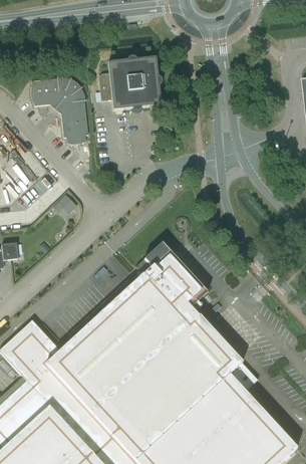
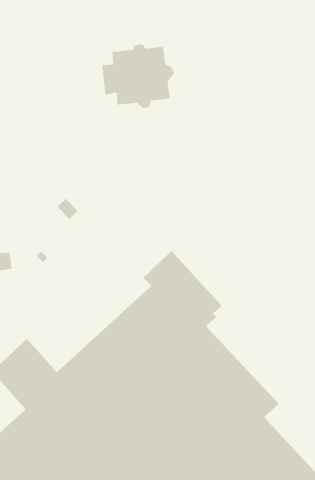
building: [31,77,88,144] -> none

